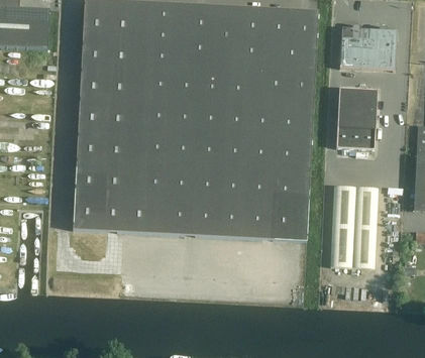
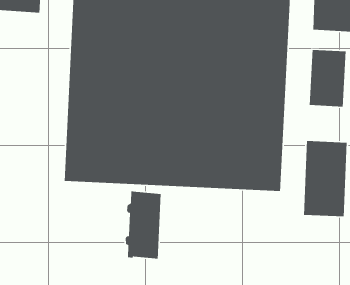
building: none -> [125,190,162,259]

